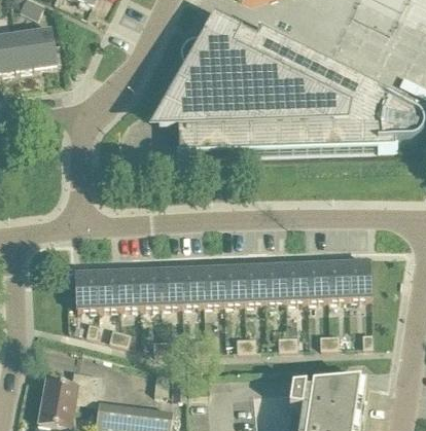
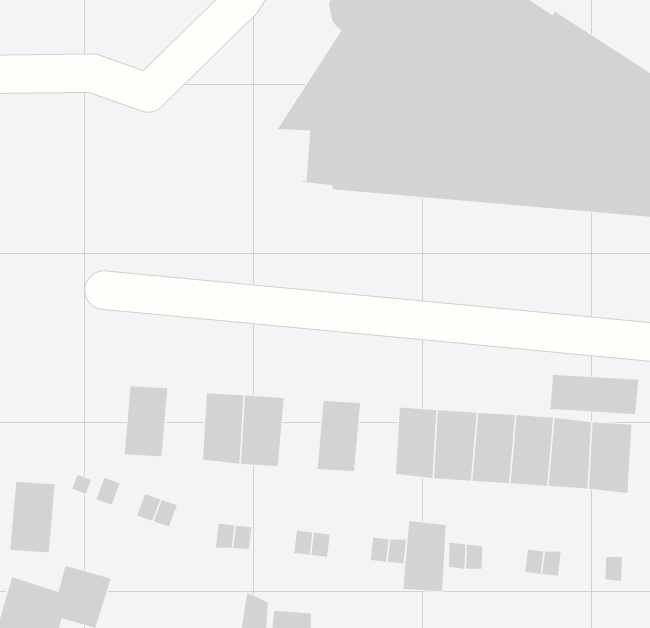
building: none -> [550,374,639,415]
building: [221,264,244,301] -> [403,521,447,592]
building: [180,265,202,303] -> none
building: [117,268,140,306] -> none
building: [75,270,98,308] -> [9,481,56,553]

